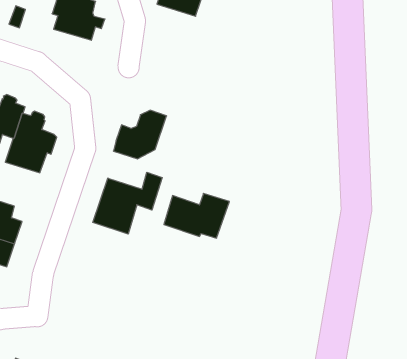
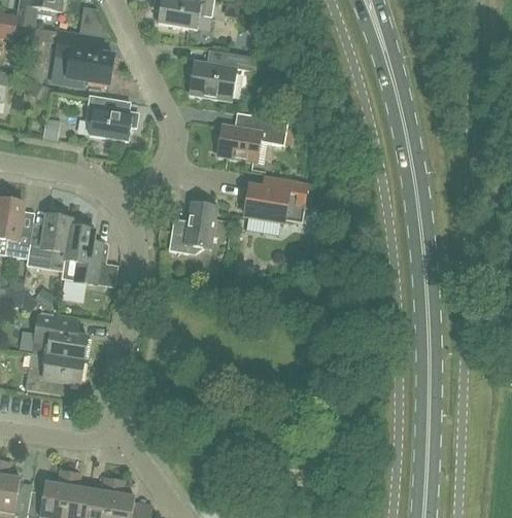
building: none -> [217,115,288,162]
building: [93,172,162,234] -> none
building: [164,193,229,238] -> [245,178,308,222]

